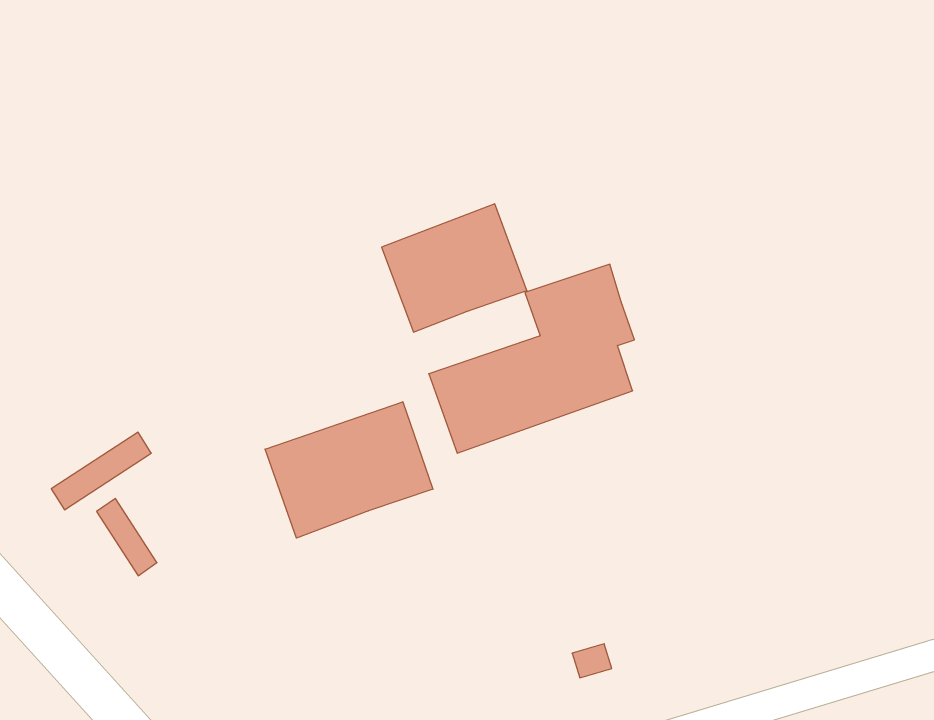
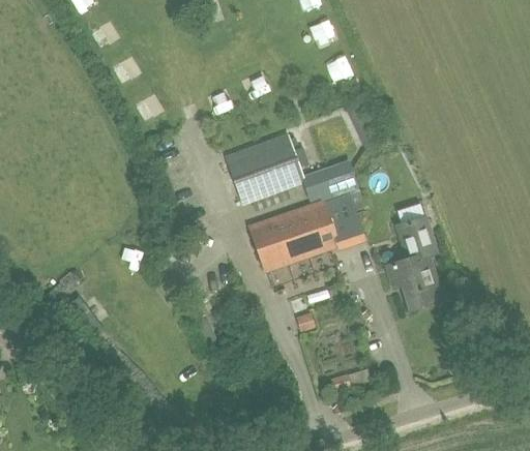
building: none -> [387,204,439,308]
building: [265,402,433,538] -> none

